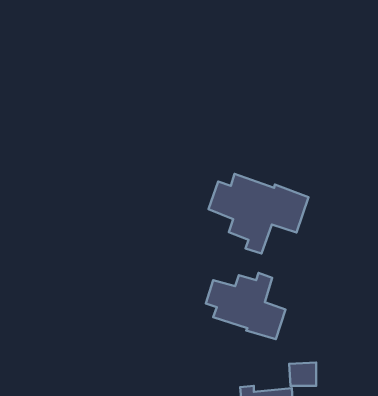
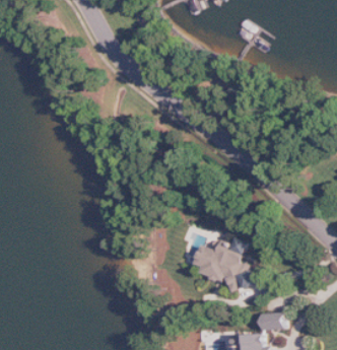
building: [208,174,308,253] -> none

